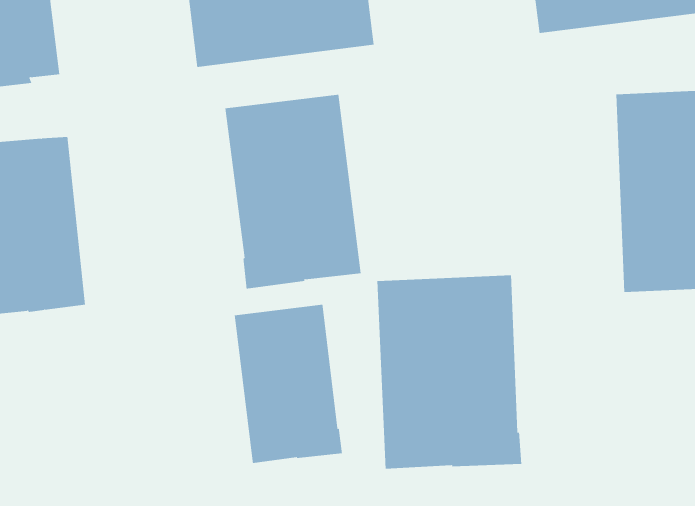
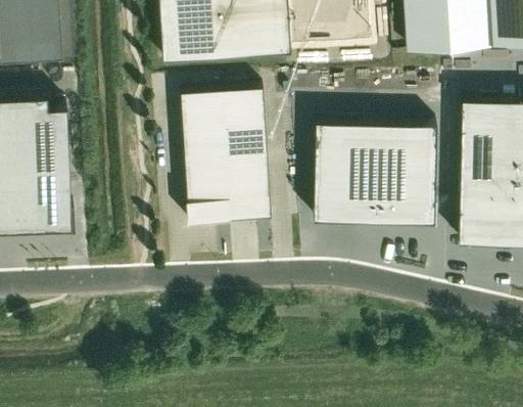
building: none -> [313,124,436,225]
building: [377,274,522,469] -> none
building: [234,304,343,464] -> none

